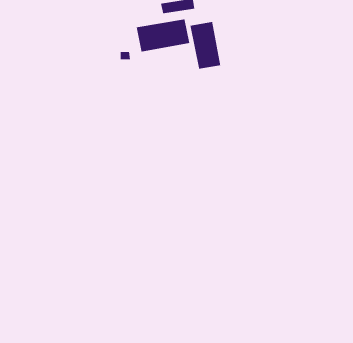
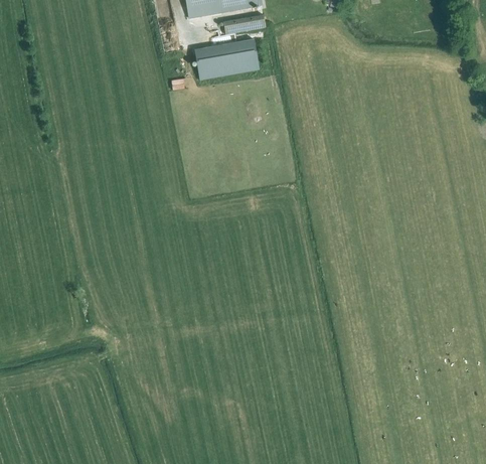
building: [190,21,221,69] -> none

